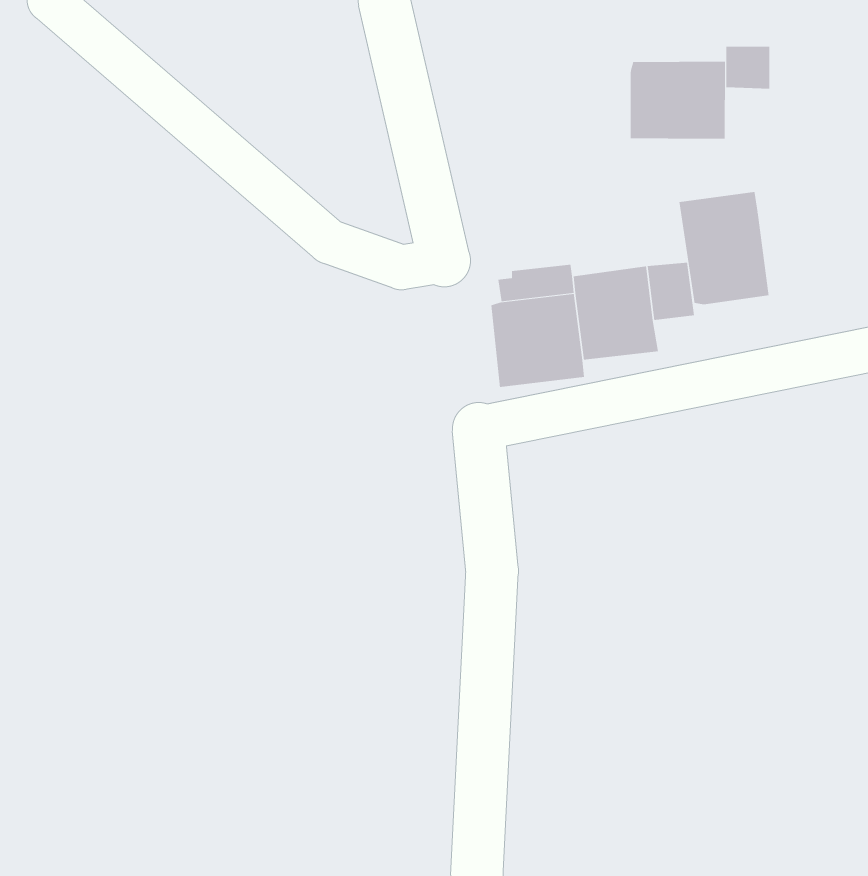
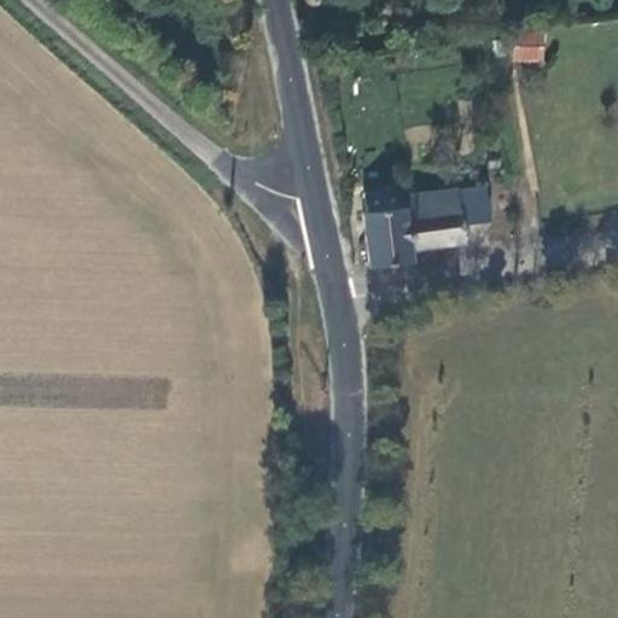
building: [630,61,726,140] -> none
building: [679,191,769,305] -> none

